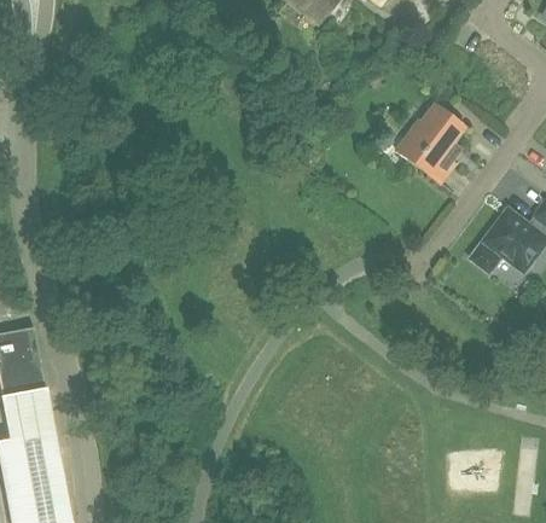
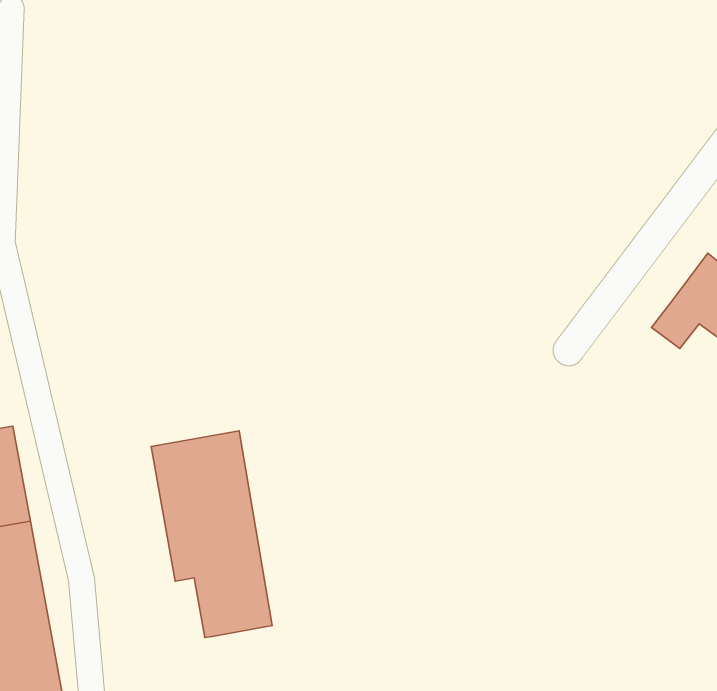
building: [397,103,465,181] -> none
building: none -> [151,431,272,637]

